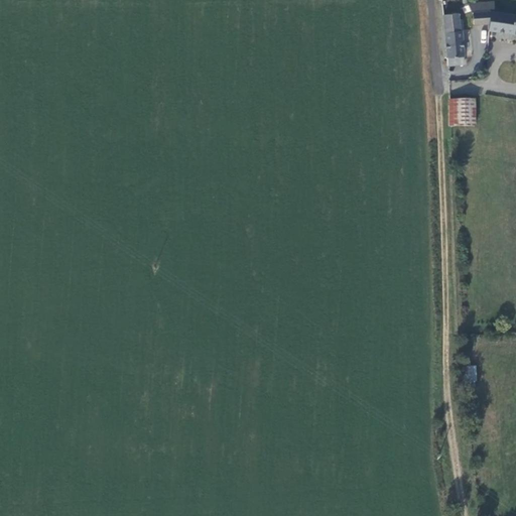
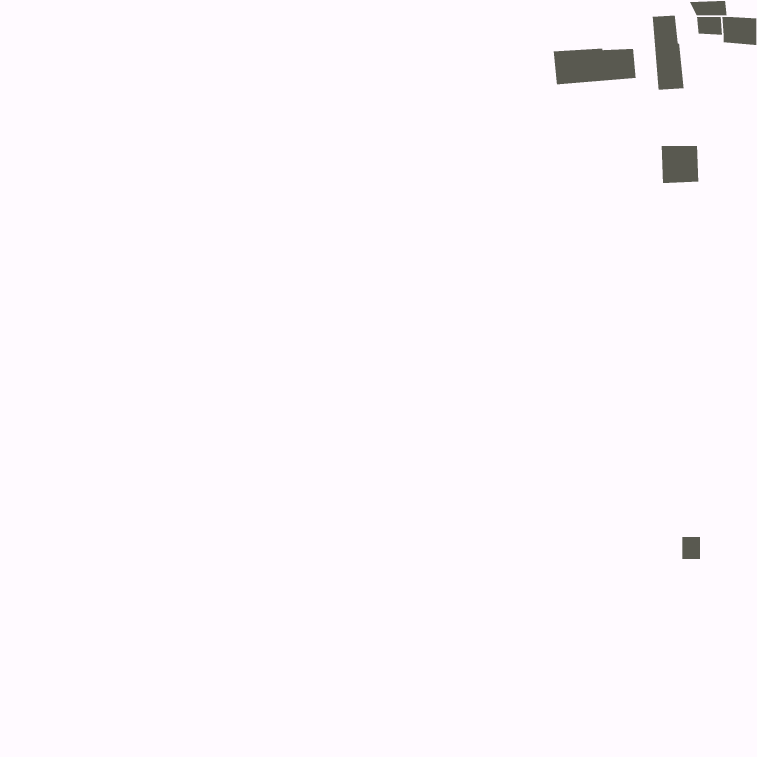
building: none -> [553,48,637,85]

